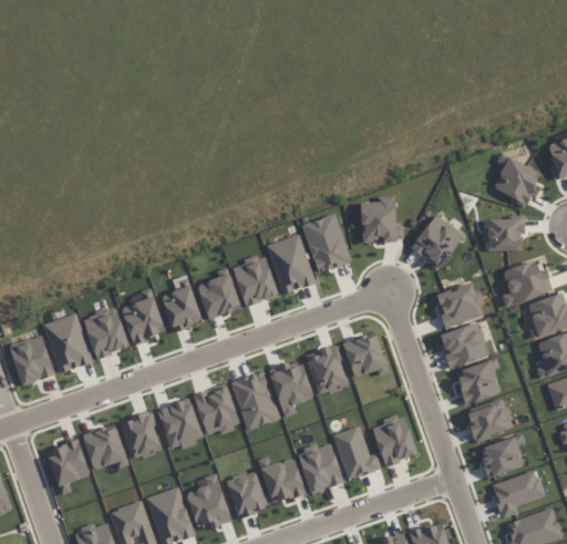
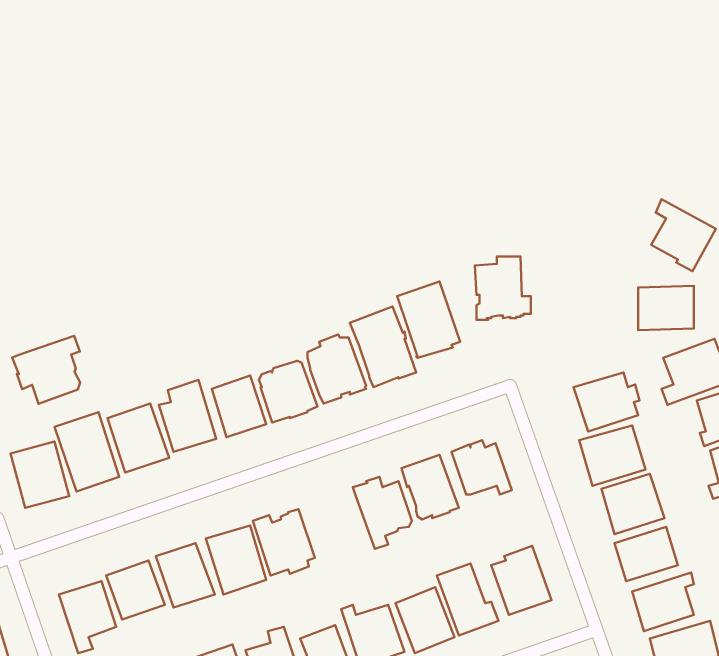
building: [411,214,464,268] -> none
building: none -> [12,336,80,404]
building: [231,370,279,430] -> none

